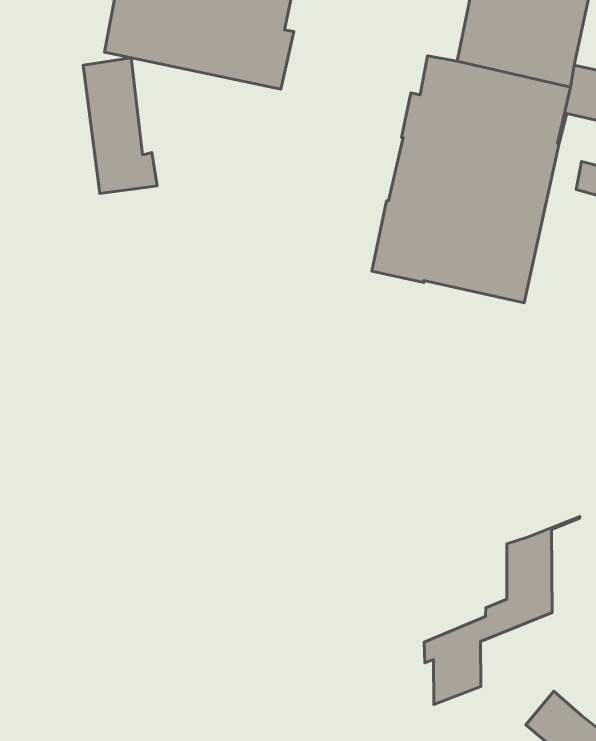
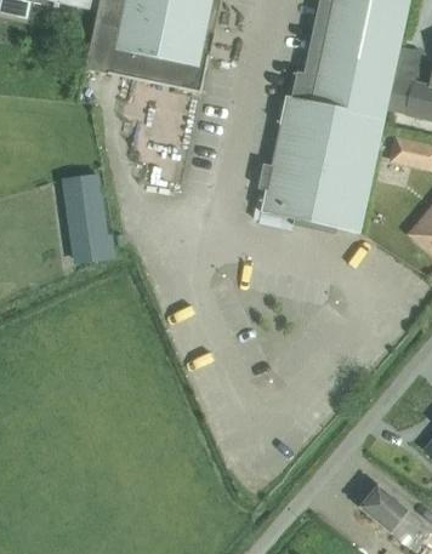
building: [83,58,157,193] -> [67,172,115,261]
building: [424,516,580,705] -> none

